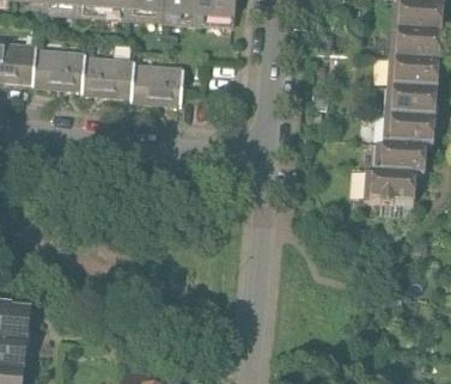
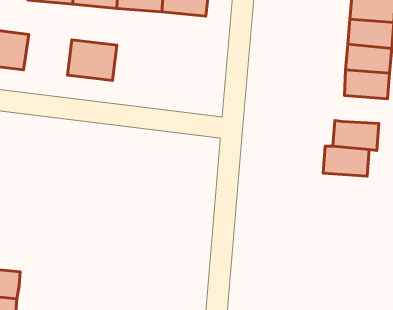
building: [30,48,84,93] -> none
building: [129,60,184,105] -> none
building: [385,116,435,148] -> none

